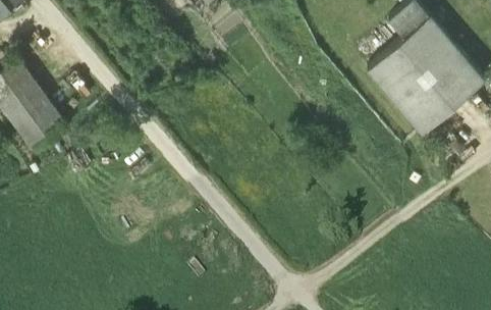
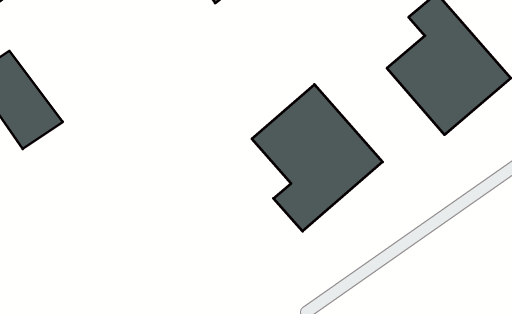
building: none -> [252,84,383,231]

